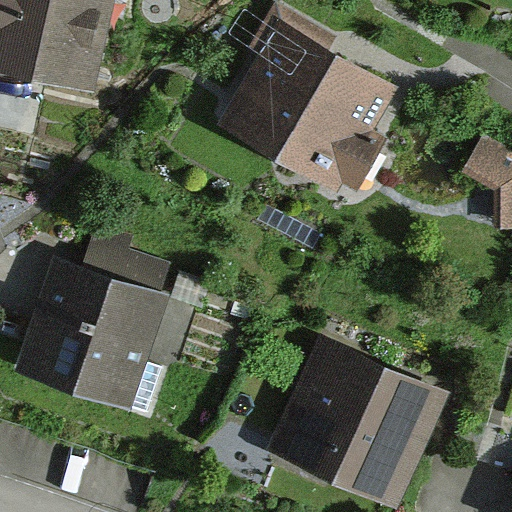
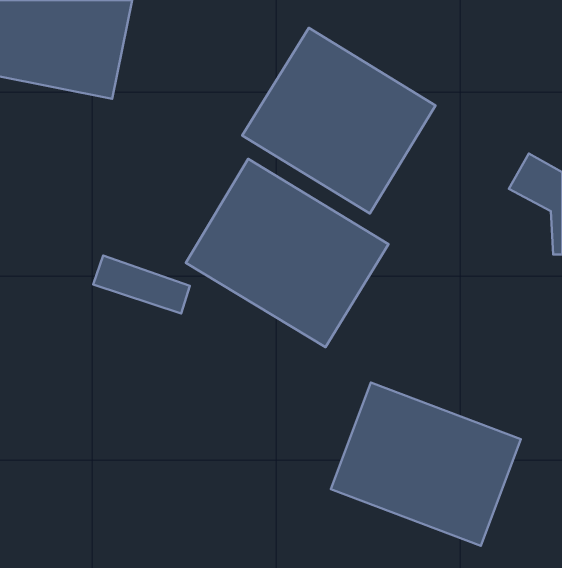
building: none -> [186,159,388,347]
building: [10,260,164,417] -> none

